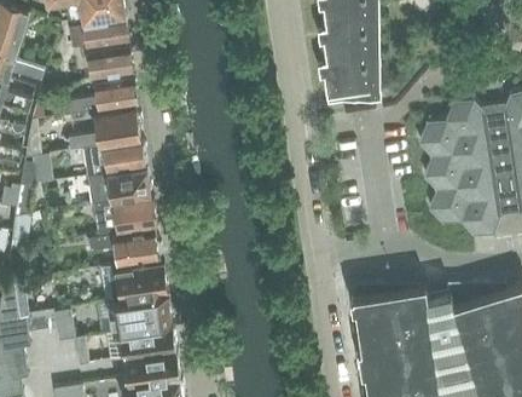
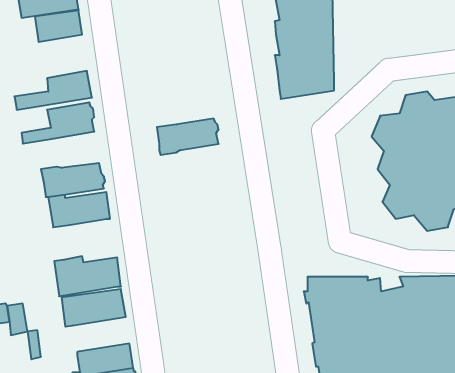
building: [86,47,132,81] -> none
building: [83,140,145,177] -> [157,119,219,155]
building: [87,230,161,266] -> none
building: [118,324,175,359] -> none

